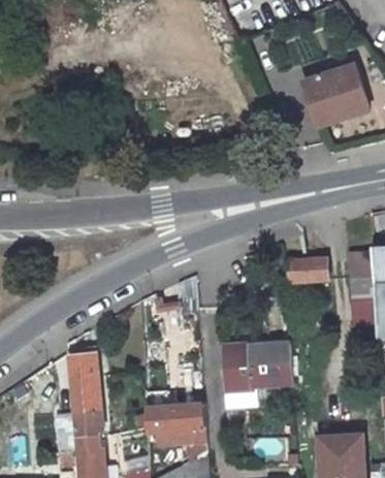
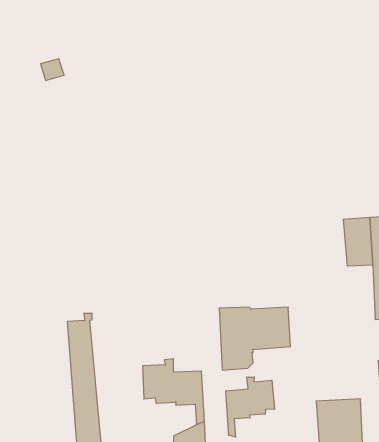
building: [303,66,368,126] -> none
building: [286,251,327,281] -> none
building: none -> [226,377,275,437]

